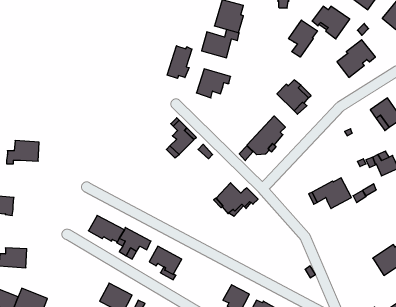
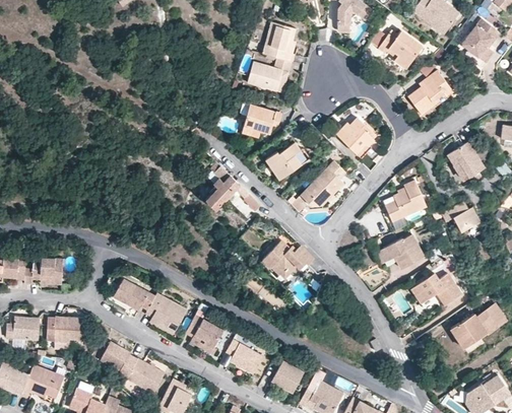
building: [289,20,317,57] -> none
building: [167,46,192,78] -> none
building: none -> [265,142,302,180]
building: none -> [384,180,427,221]
building: [7,141,39,164] -> [22,255,61,282]
building: none -> [410,273,461,305]
building: none -> [46,317,84,348]
building: none -> [226,339,263,374]
building: none -> [100,341,137,377]

